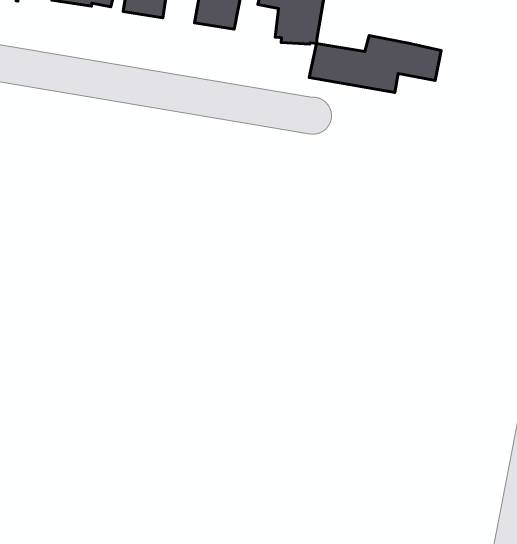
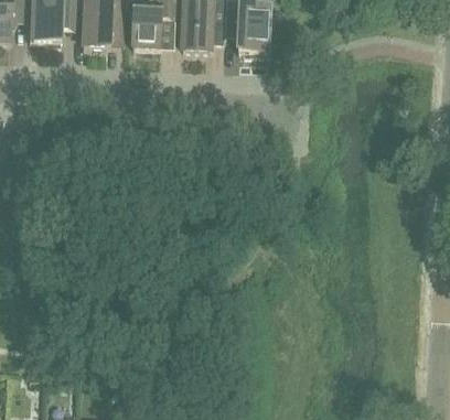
building: [309,36,441,93] -> none

